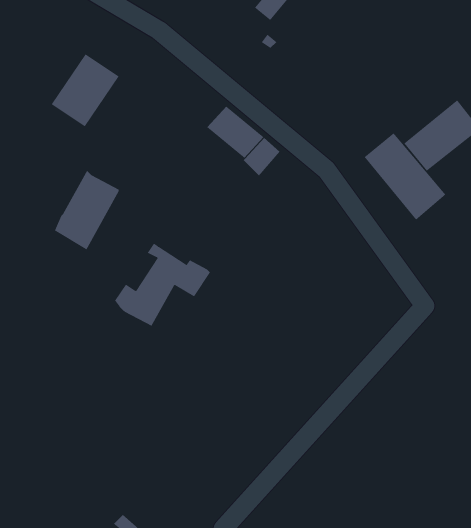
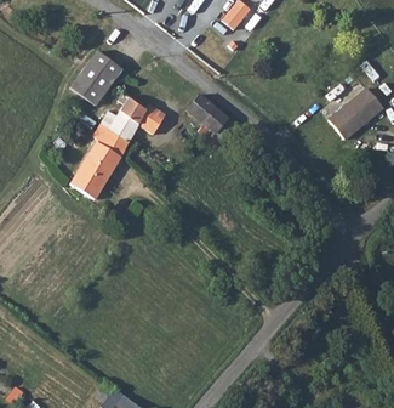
building: [364,133,446,221] -> none
building: [114,243,211,327] -> [92,92,164,154]

